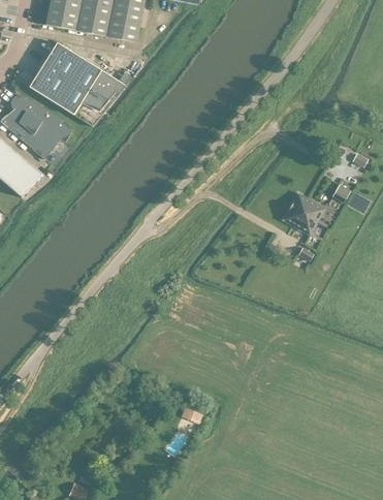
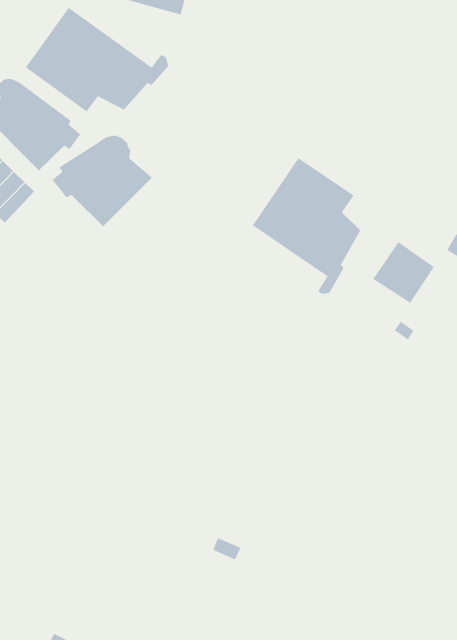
building: none -> [51,135,153,227]
building: none -> [252,157,361,295]

